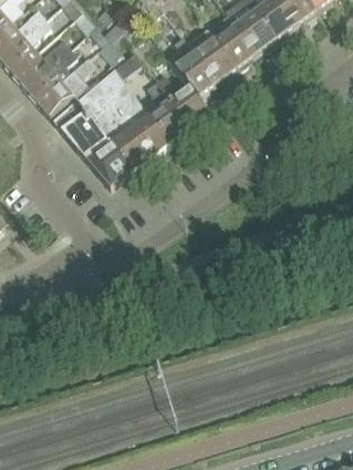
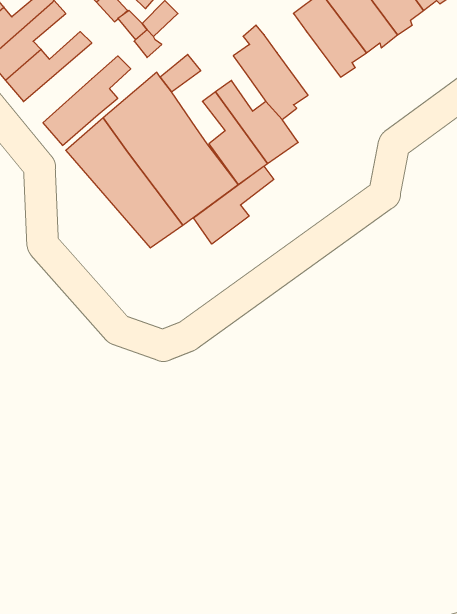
building: [187,25,239,81] -> none
building: [23,45,77,100] -> none
building: none -> [193,166,274,244]

